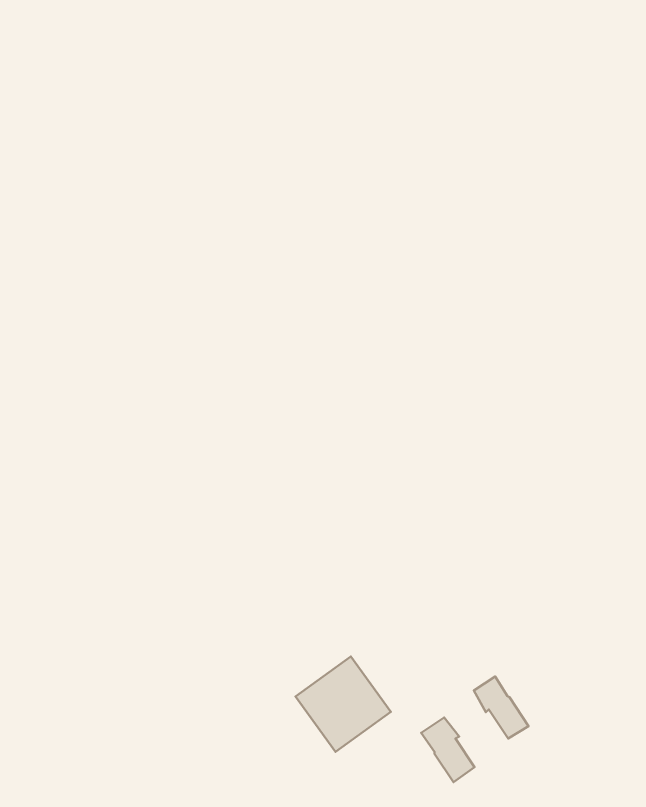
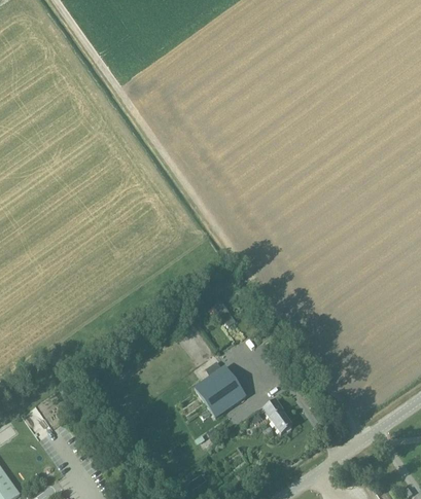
building: [474,676,529,738] -> none

